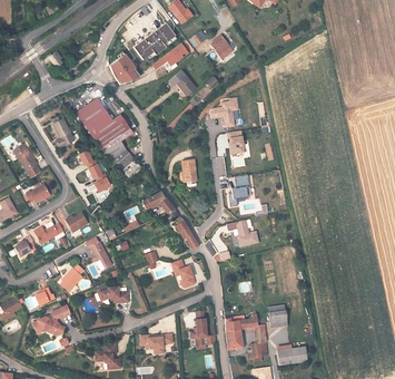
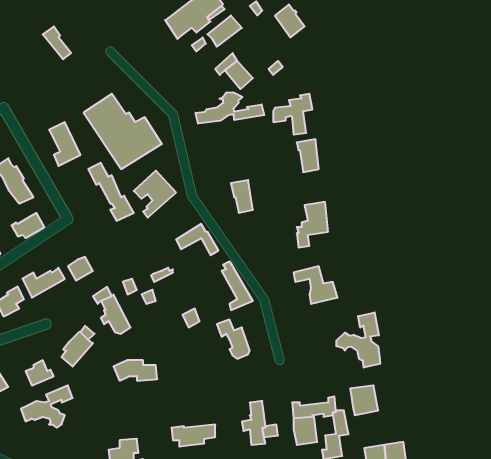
building: [110,55,138,85] -> none
building: none -> [196,92,264,124]
building: none -> [336,312,380,368]

